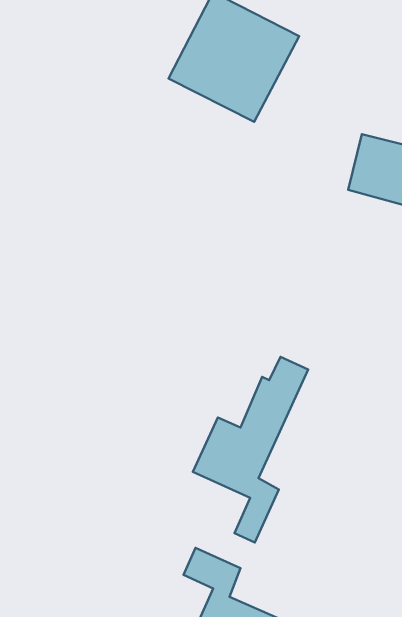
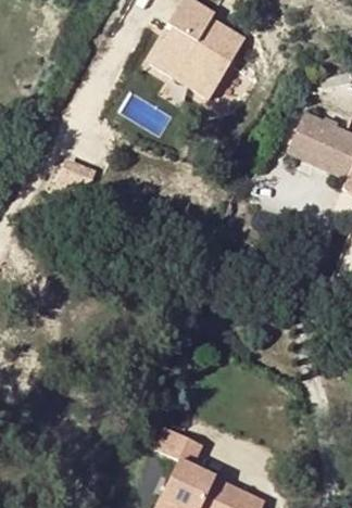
building: [193,357,308,543] -> none

